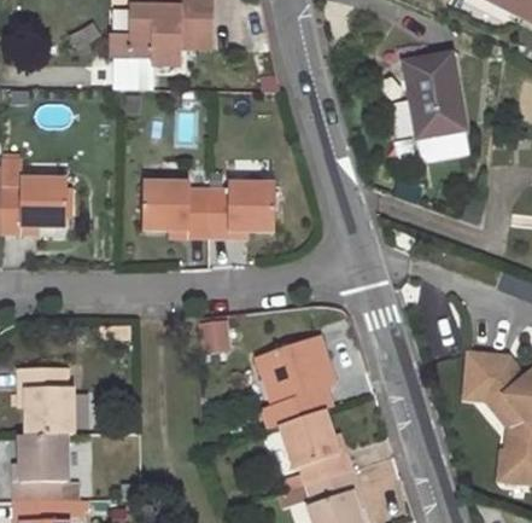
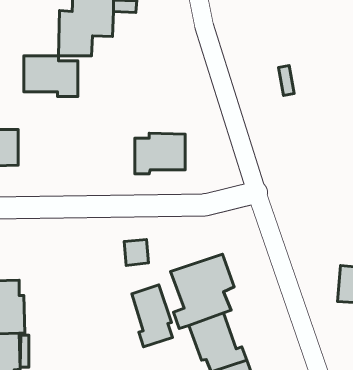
building: [405,53,464,157] -> none
building: [144,186,211,237] -> [24,56,78,97]
building: none -> [132,285,172,347]

